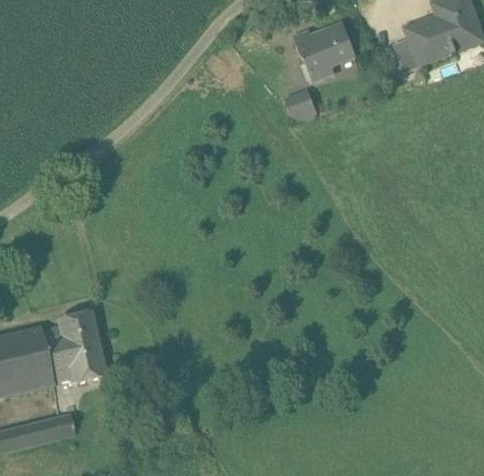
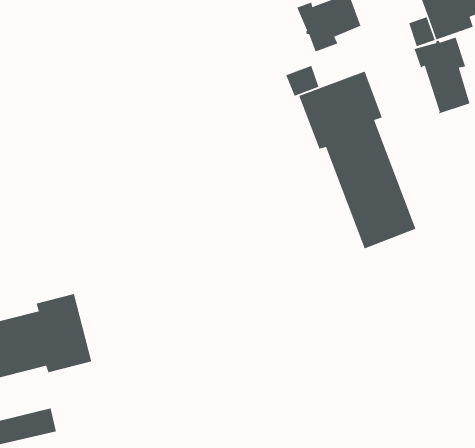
building: none -> [414,36,471,114]
building: none -> [298,70,417,250]

